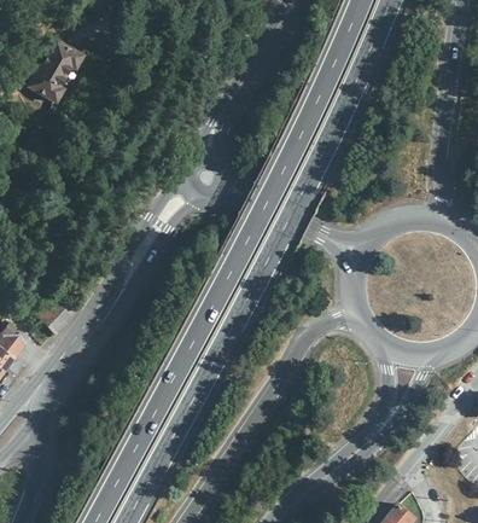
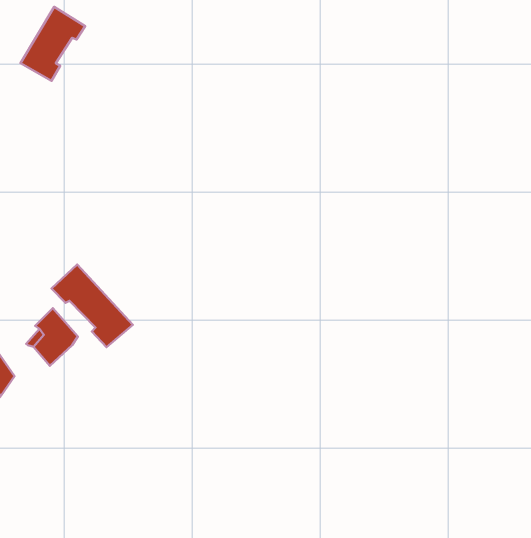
building: none -> [51,264,133,347]

